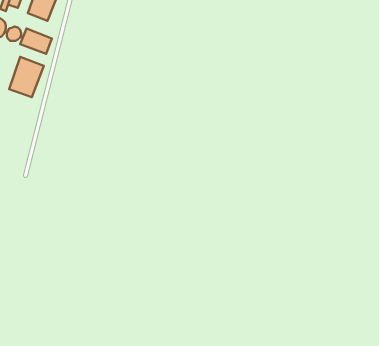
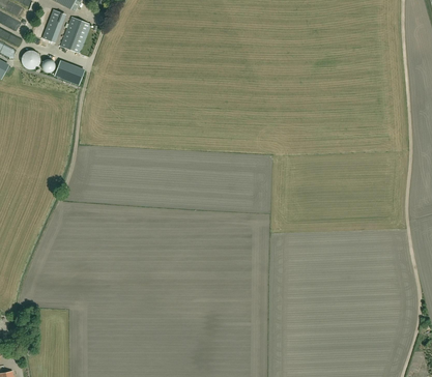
building: [9,57,44,97] -> none

